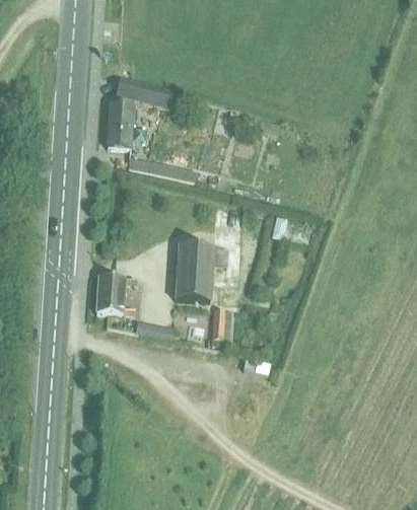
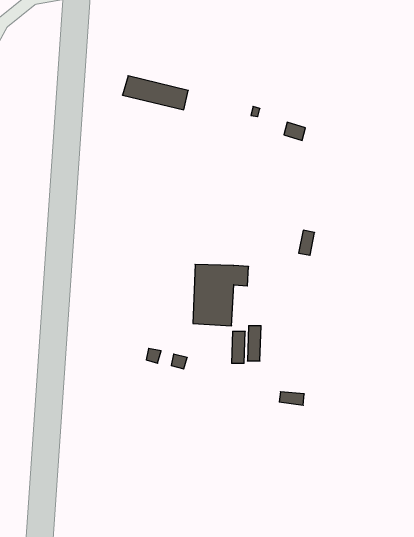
building: [110,102,131,145] -> none
building: [94,275,138,314] -> none

